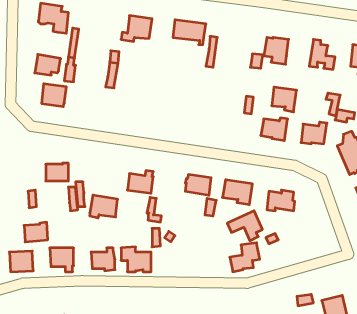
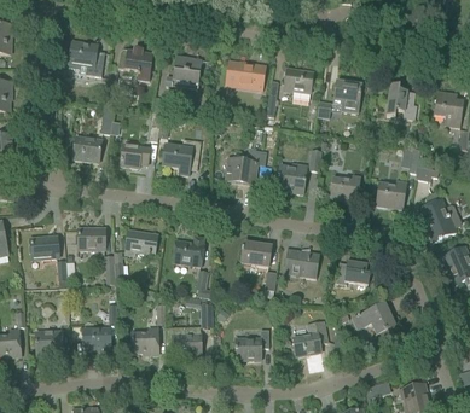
building: none -> [117,45,152,80]
building: none -> [283,69,313,99]
building: [35,54,61,75] -> [120,142,150,167]
building: none -> [162,138,201,174]
building: [272,87,297,112] -> [277,164,306,193]
building: none -> [226,149,266,182]
building: [90,195,118,218] -> [124,228,157,255]
building: [227,211,262,241] -> [353,303,394,338]
building: [24,222,48,242] -> [30,235,58,258]
building: none -> [234,328,268,359]

